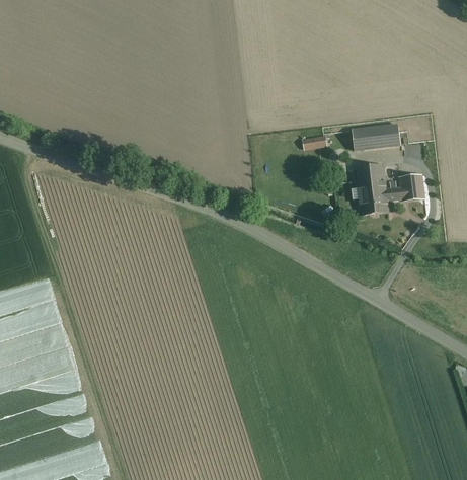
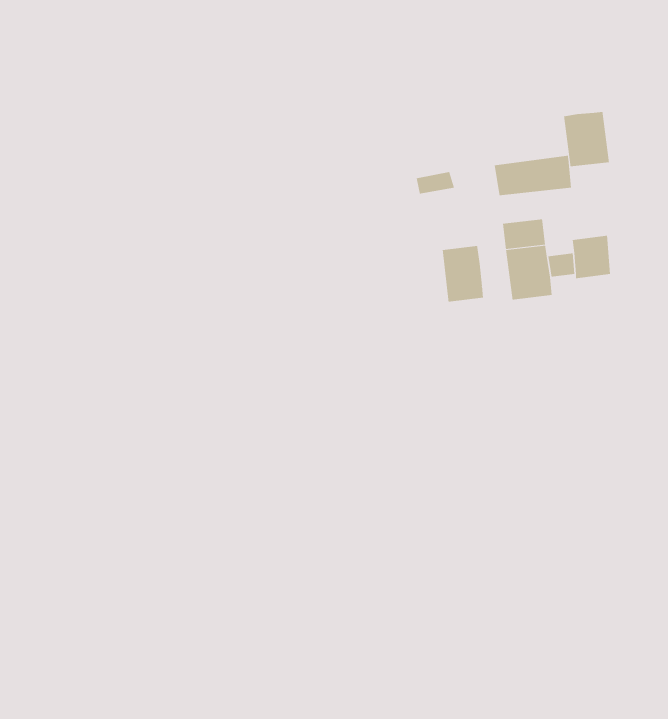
building: none -> [564,111,609,167]
building: none -> [442,245,484,302]

